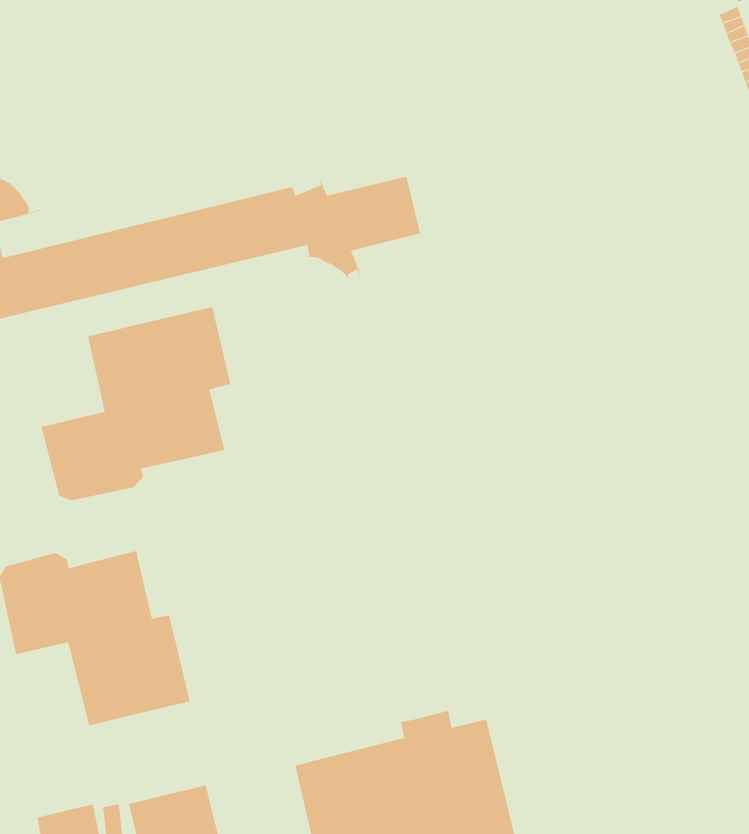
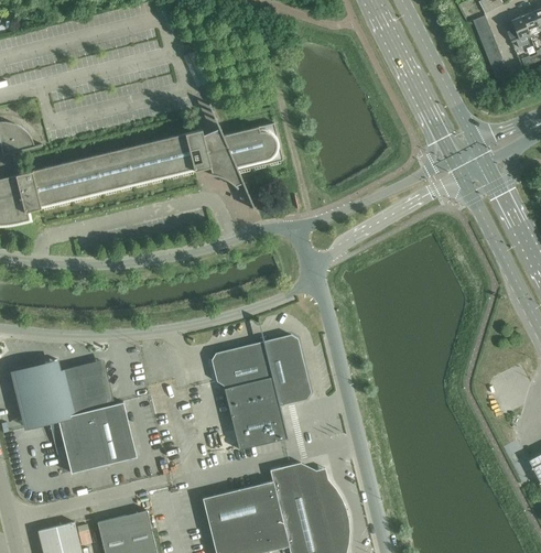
building: [41,306,231,501] -> none
building: none -> [212,335,311,449]

